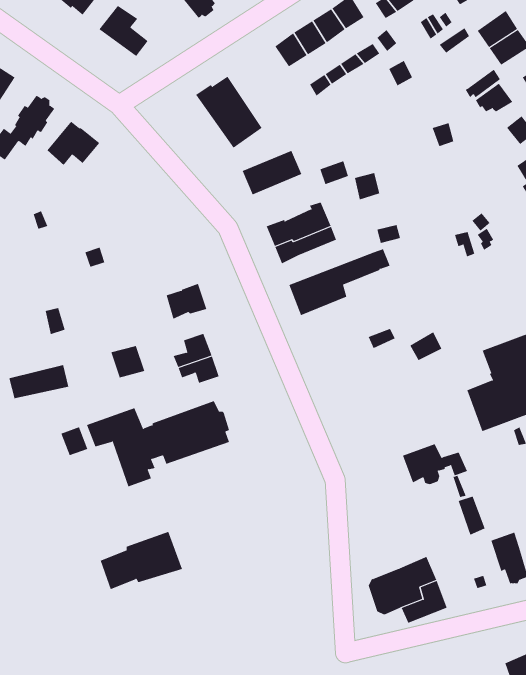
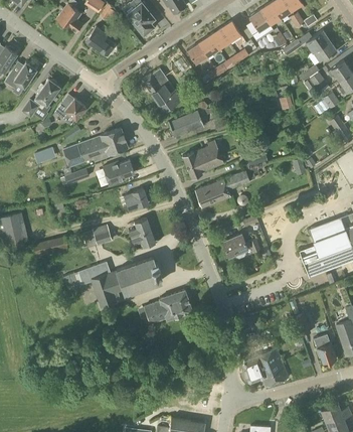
building: none -> [64,127,128,165]
building: none -> [104,160,135,185]
building: [402,443,468,485] -> [223,234,261,258]
building: [100,531,183,590] -> [145,289,193,323]

